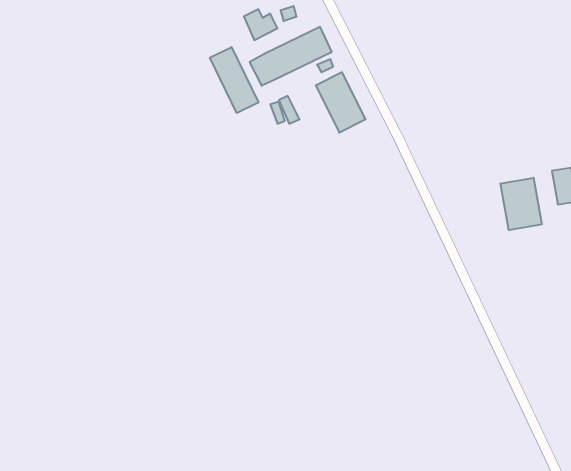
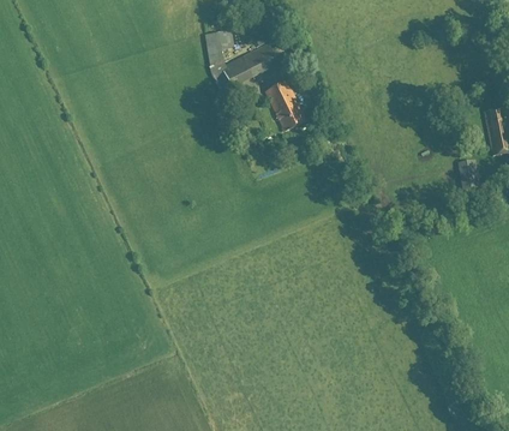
building: [210,47,258,113] -> none
building: [501,178,542,230] -> none

